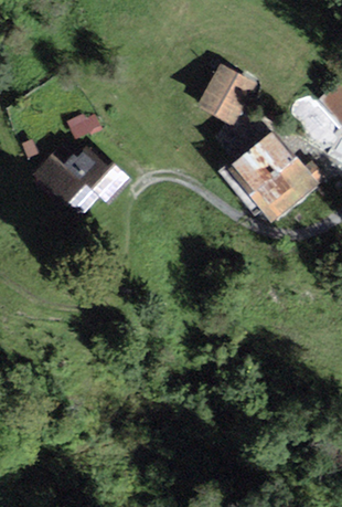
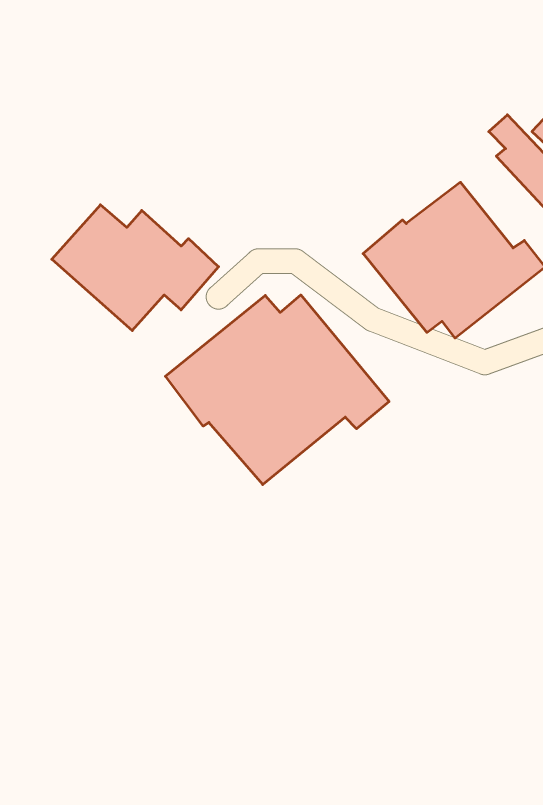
building: [199,65,258,124] -> none
building: none -> [165,295,389,485]

